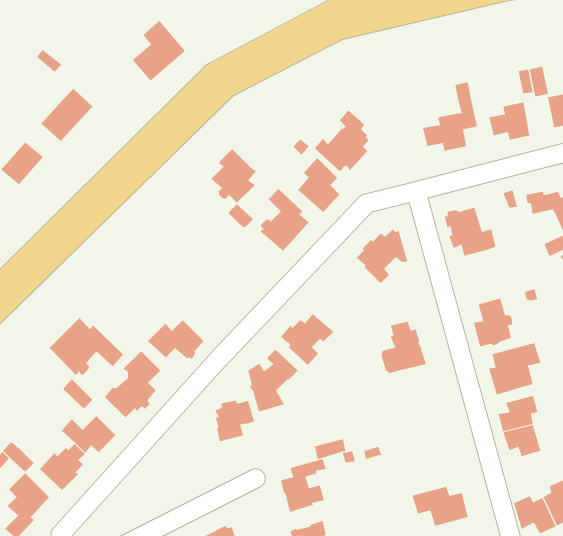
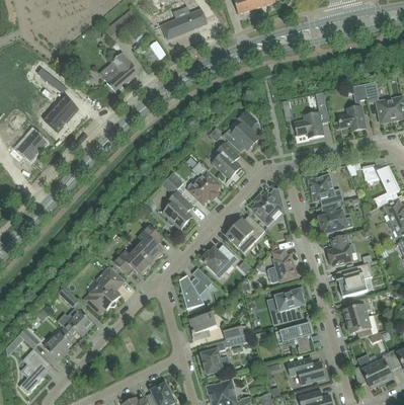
building: [211,148,257,204] -> [162,191,192,228]
building: none -> [317,202,346,234]
building: none -> [224,218,264,250]
building: none -> [137,226,163,262]
building: [49,317,124,376] -> none
building: none -> [270,288,304,325]
building: [213,400,255,442] -> [189,313,217,340]
building: none -> [274,323,311,353]

